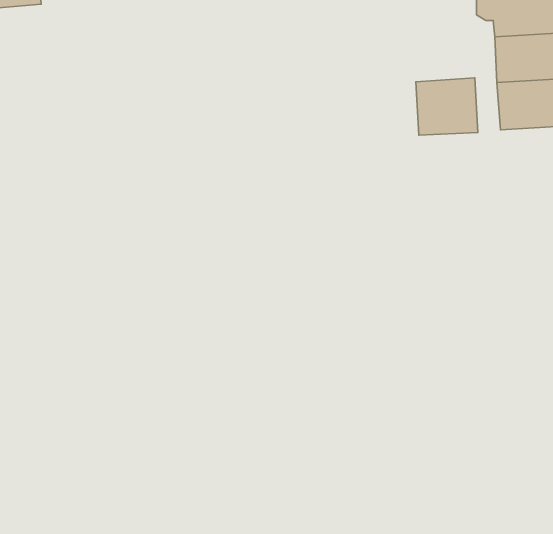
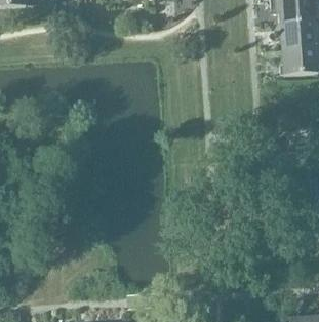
building: [416,78,478,135] -> none

